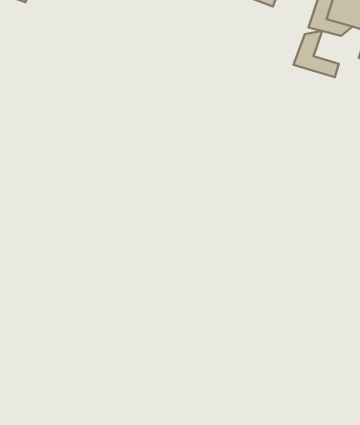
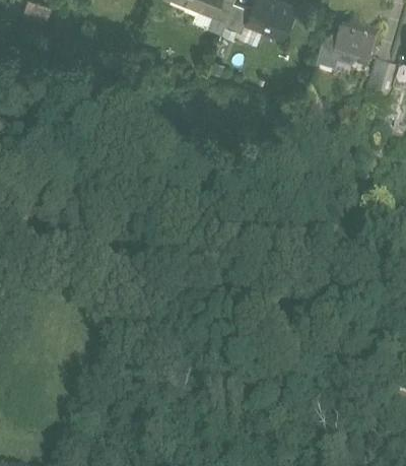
building: [293,31,339,77] -> none

